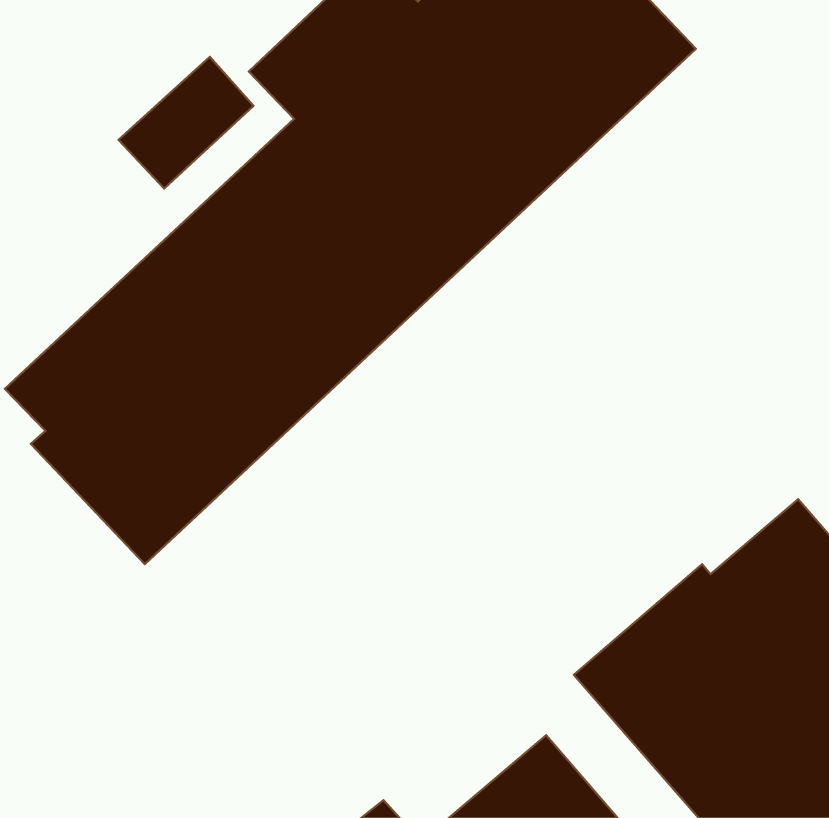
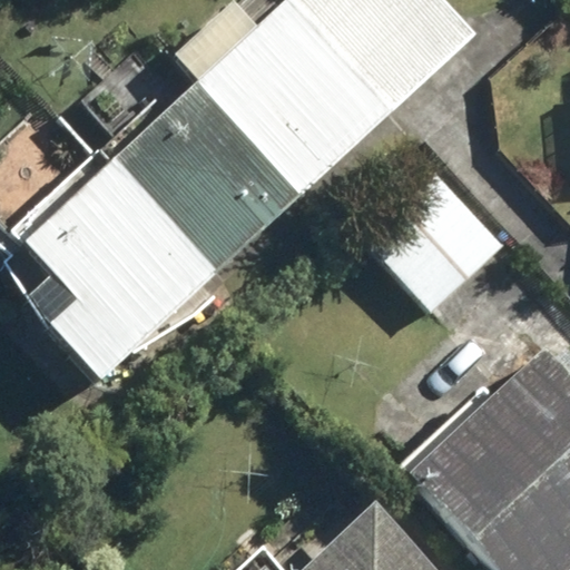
building: none -> [360,169,501,309]

